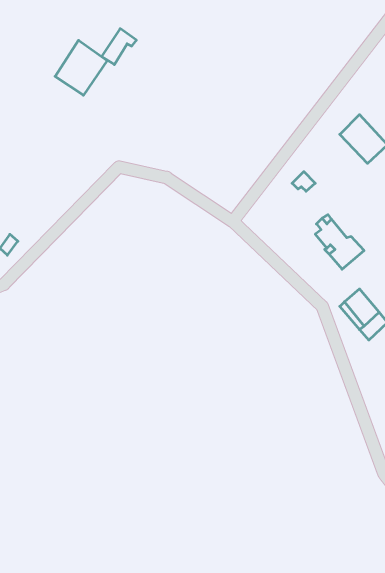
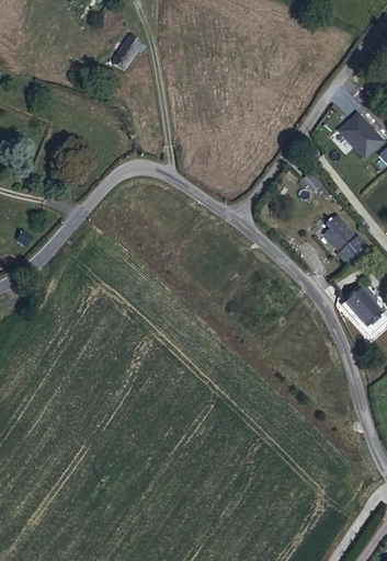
building: [55,40,107,95] -> none

